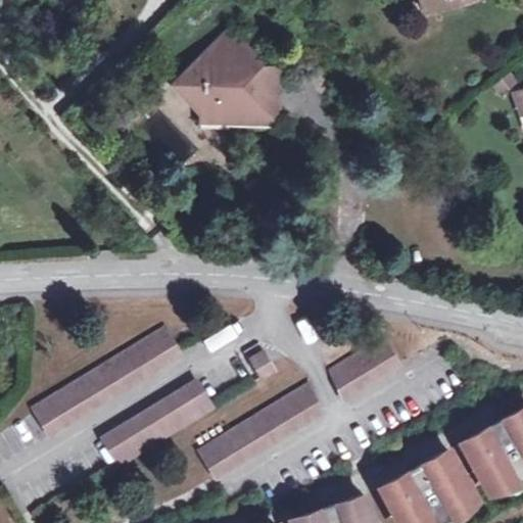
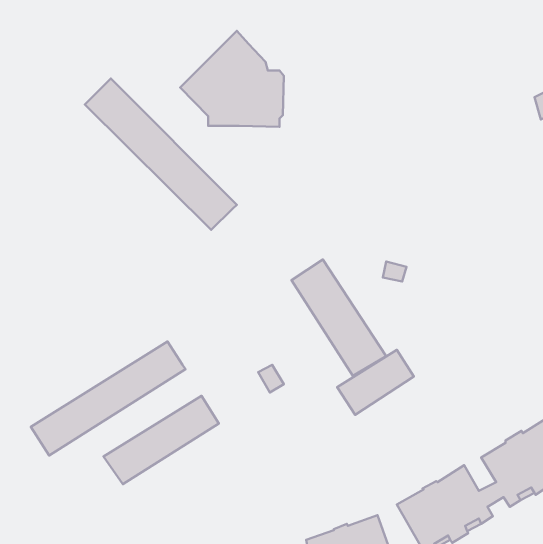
building: none -> [85,78,237,230]
building: none -> [292,260,386,376]
building: [199,385,320,476] -> none

